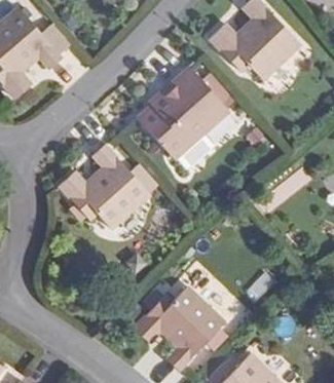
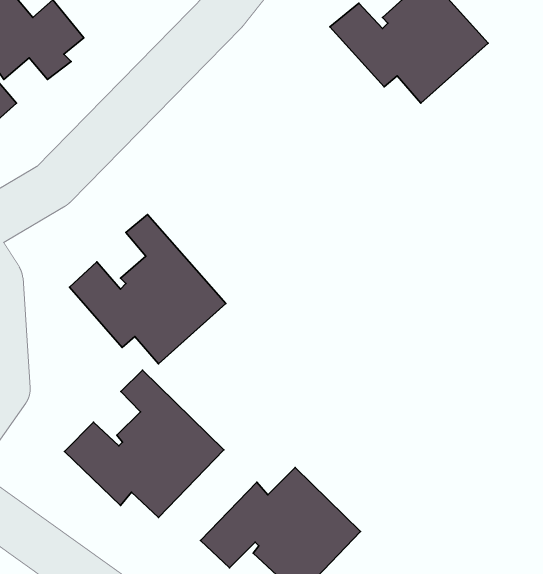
building: [139,67,231,160] -> none
building: none -> [65,370,224,518]

